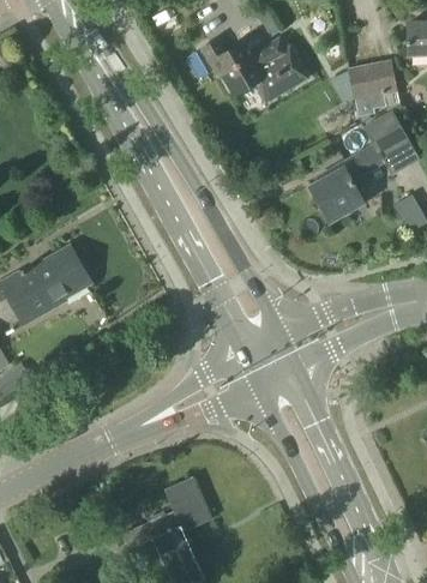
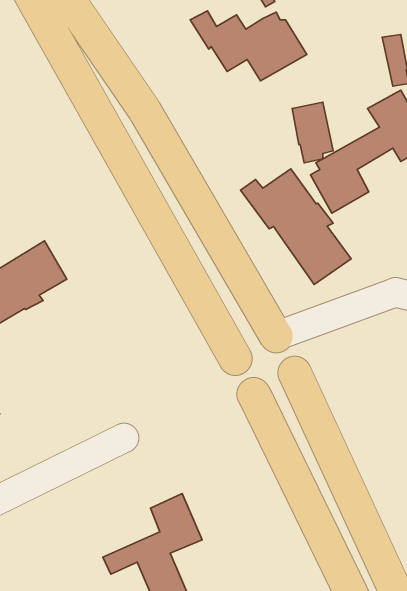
building: [347,62,384,118] -> [292,102,333,163]
building: none -> [240,169,351,285]

